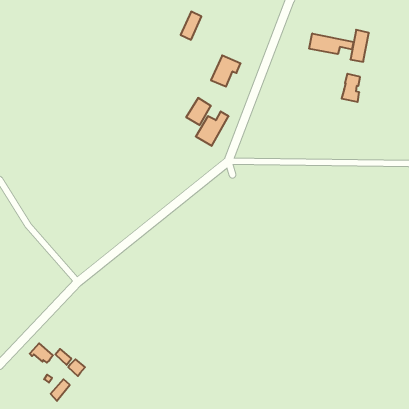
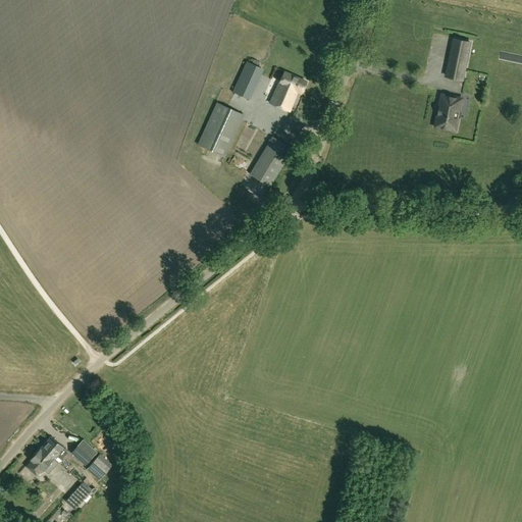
building: [181,12,201,40] -> [241,65,267,101]
building: [309,33,353,54] -> none
building: none -> [198,102,243,156]
building: none -> [25,450,59,475]

